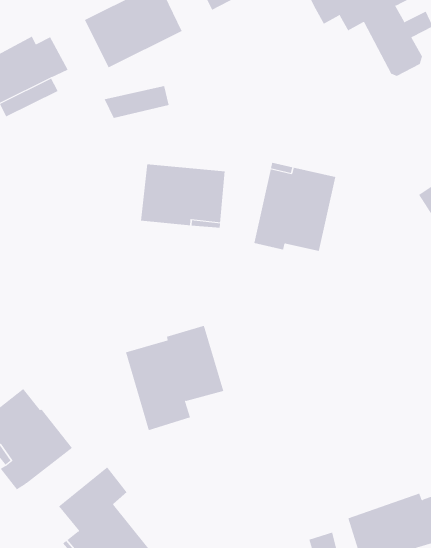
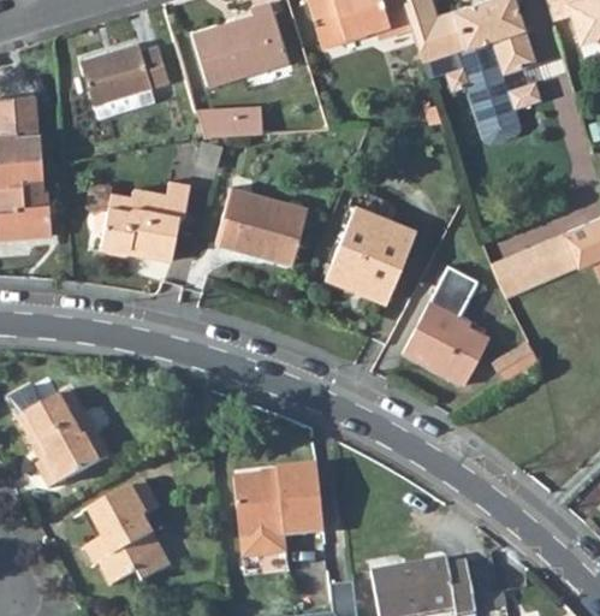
building: none -> [91,179,190,259]
building: none -> [402,280,488,386]
building: [125,325,224,431] -> [232,463,323,558]

